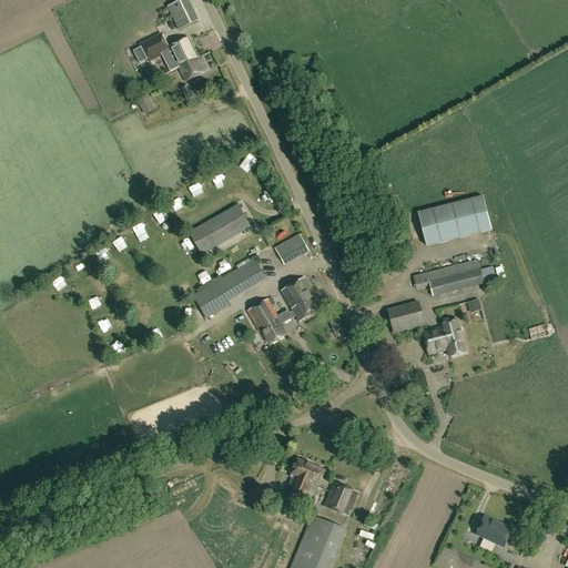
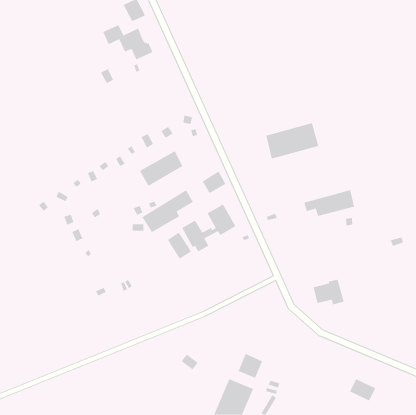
building: [418,195,491,245] -> [265,122,319,159]
building: [388,301,425,331] -> none
building: none -> [167,232,192,260]
building: [423,321,466,356] -> [313,279,345,305]
building: [286,458,326,499] -> none

